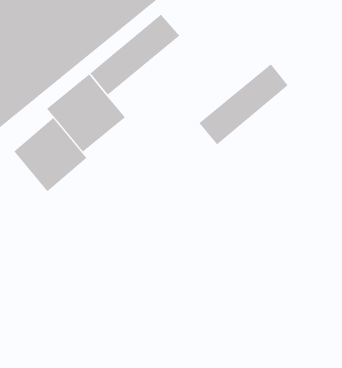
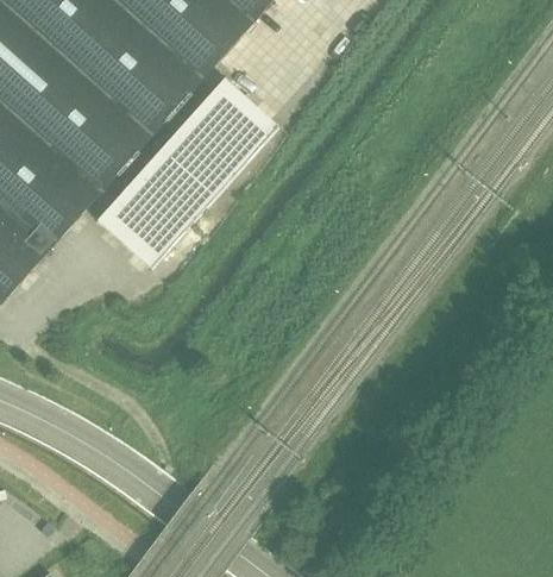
building: [199,64,288,145] -> [170,104,276,218]
building: [13,117,87,192] -> none

